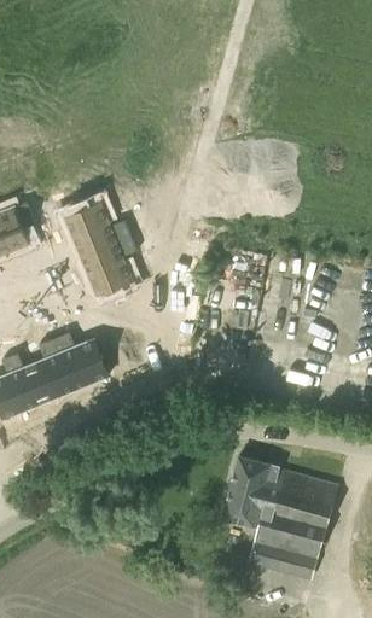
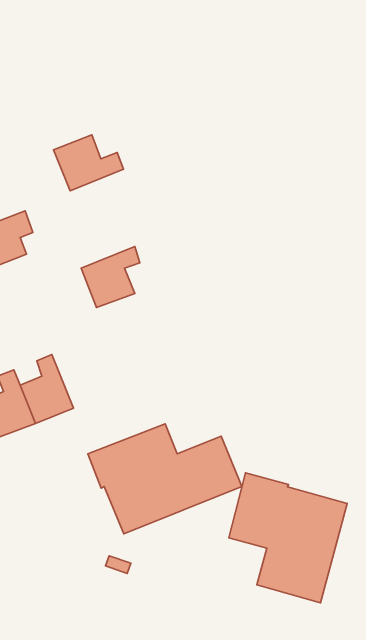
building: [66,208,133,261] -> [54,135,124,191]
building: [54,337,109,393] -> none
building: none -> [88,424,242,534]

